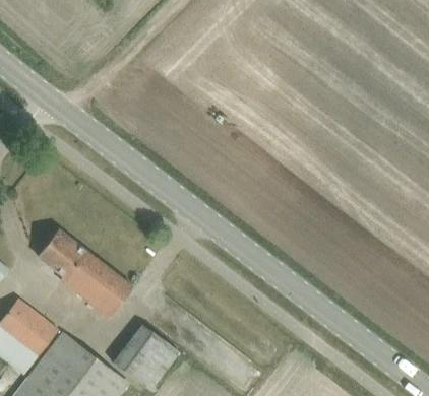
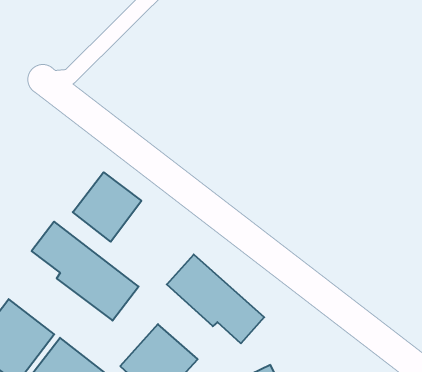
building: none -> [73,172,141,242]
building: none -> [167,254,264,343]

